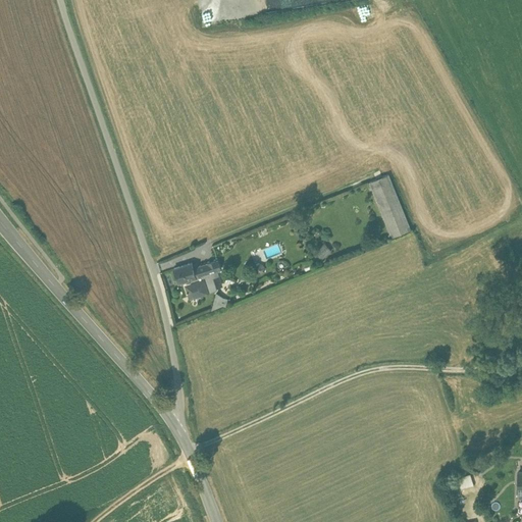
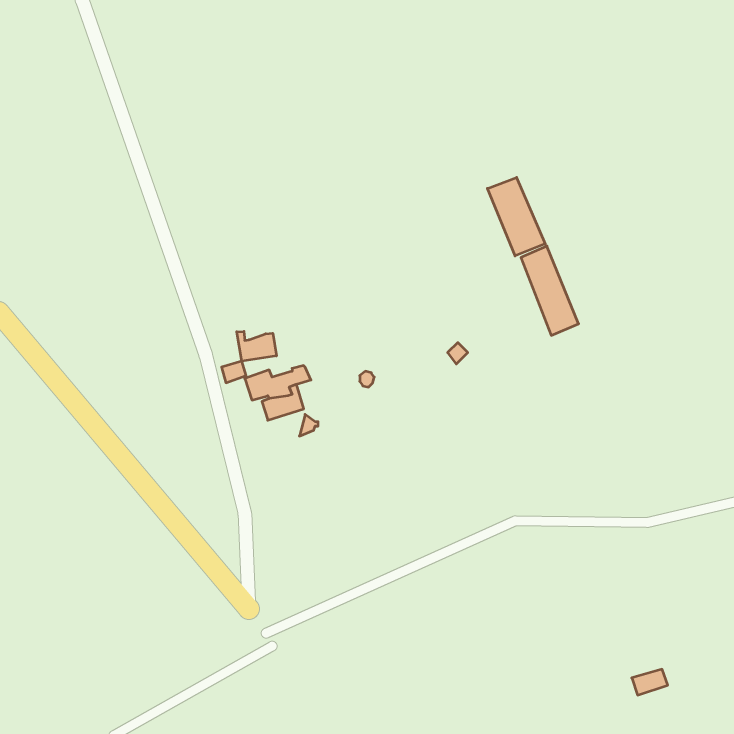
building: none -> [487,177,545,256]
building: none -> [237,331,276,361]

